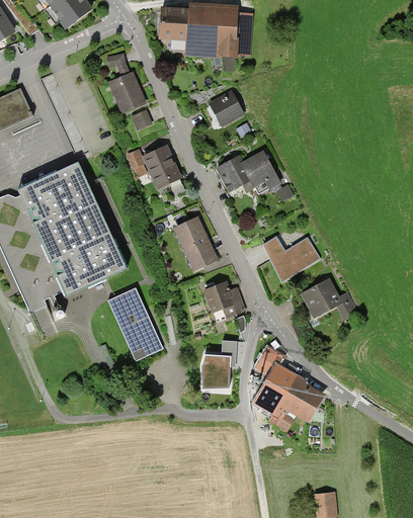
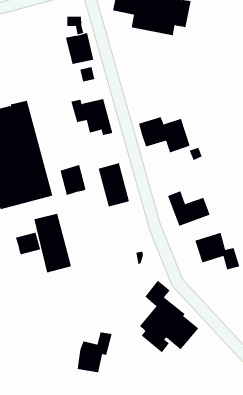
building: [209,89,244,124] -> none
building: none -> [60,164,86,196]
building: [203,280,245,321] -> none
building: none -> [15,232,41,255]
building: [201,341,237,390] -> [77,332,112,373]

